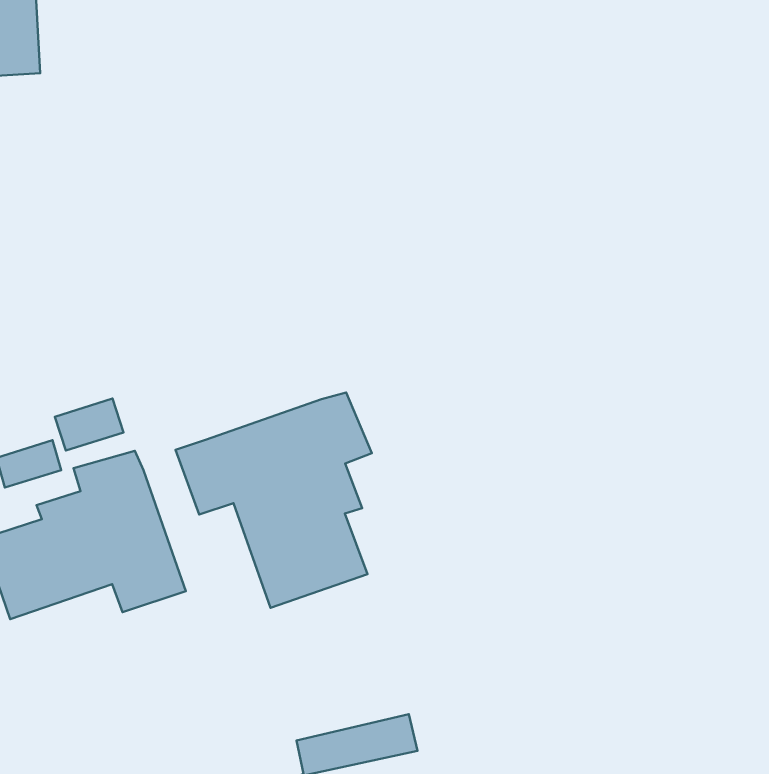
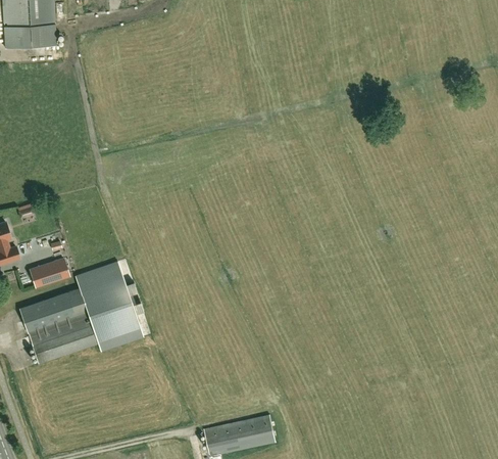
building: [176,393,372,608] -> none
building: [55,399,124,450] -> none

